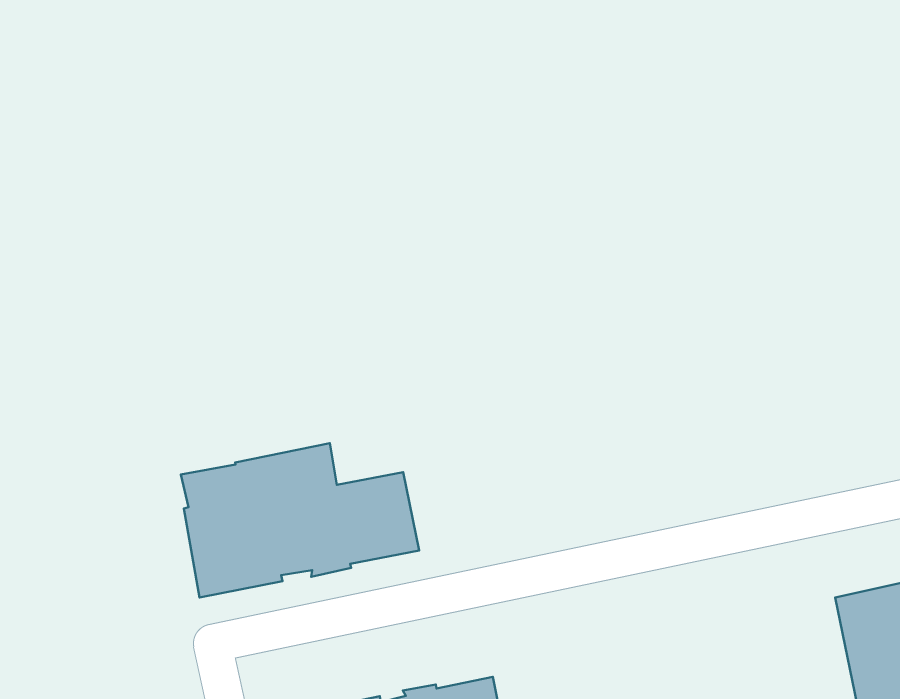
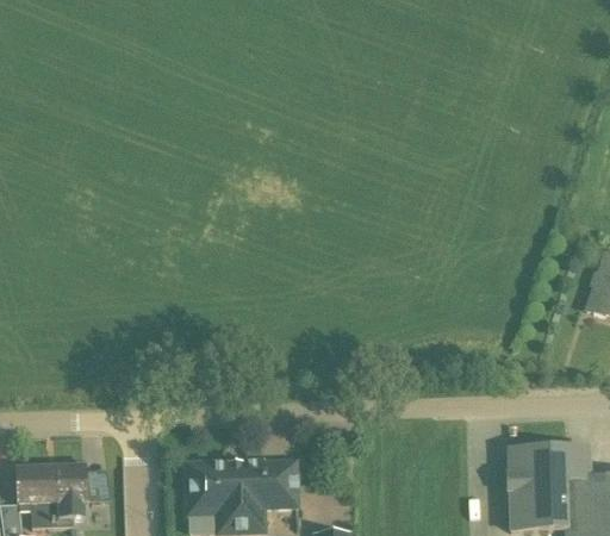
building: [181,443,419,598] -> none

